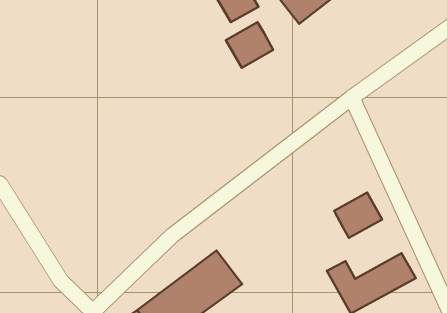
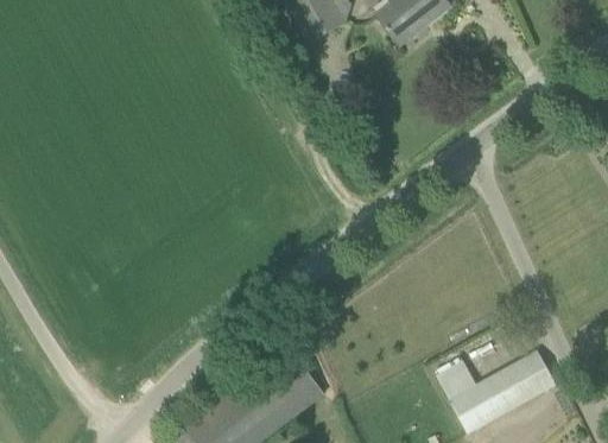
building: [226,22,273,68] -> none
building: [334,193,382,238] -> none

